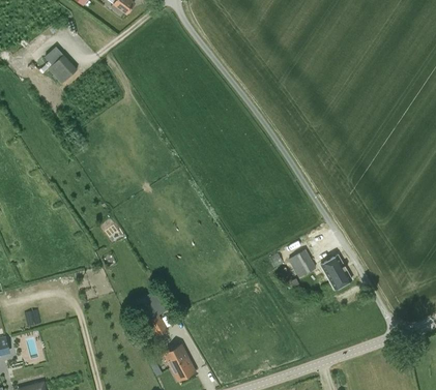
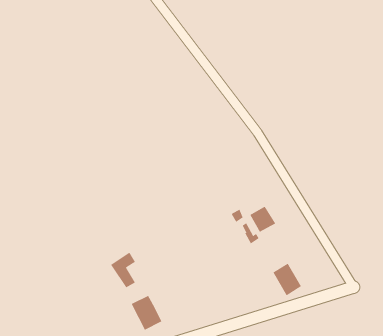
building: [48,53,77,82] -> none
building: [320,253,351,289] -> [272,263,302,296]

